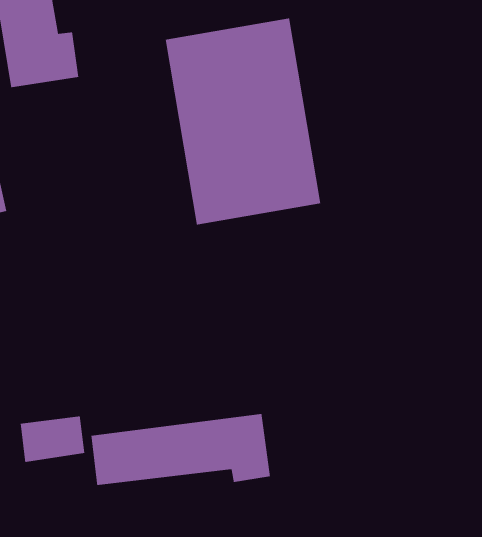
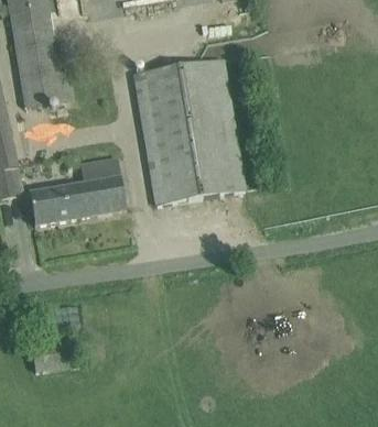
building: none -> [30,157,127,225]
building: [91,413,270,486] -> none

